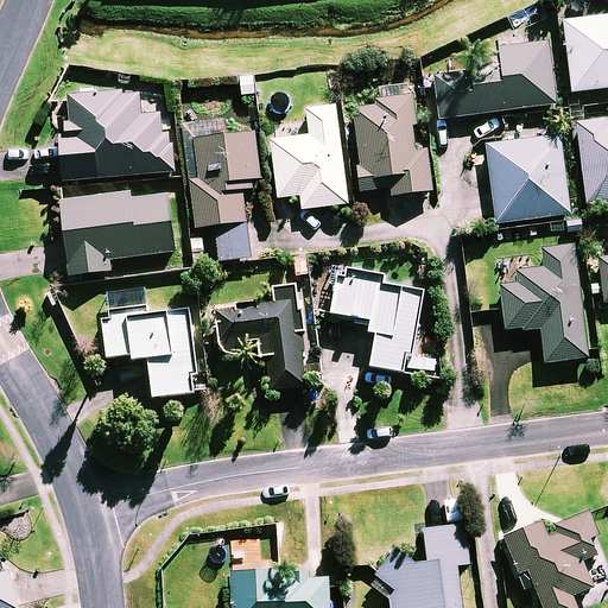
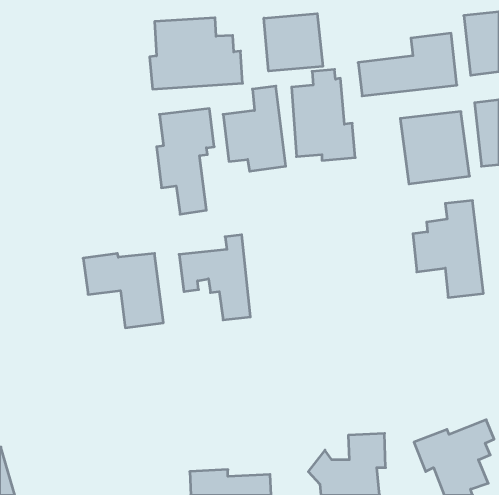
building: none -> [264,14,323,71]
building: [59,91,172,178] -> [150,18,243,89]
building: [61,192,175,276] -> none
building: [331,271,423,373] -> none

